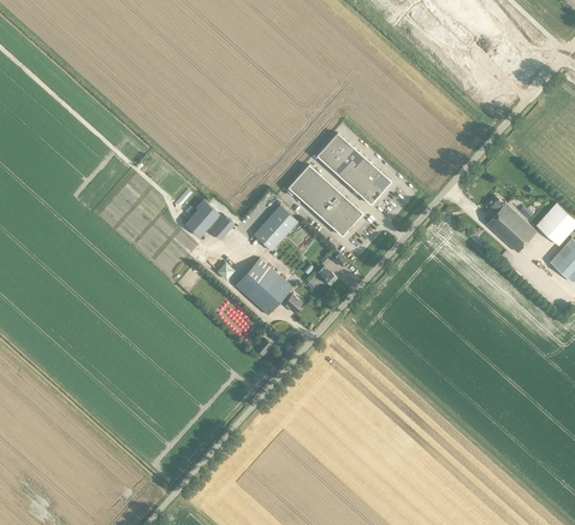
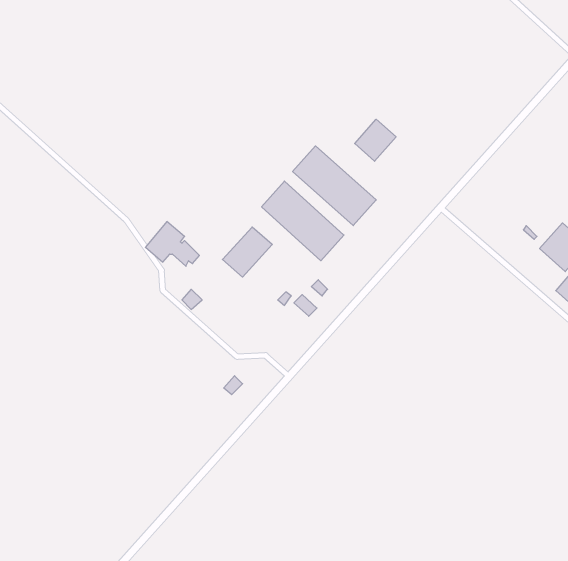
building: none -> [355,119,396,161]
building: [485,196,535,253] -> none
building: [235,259,302,315] -> none

